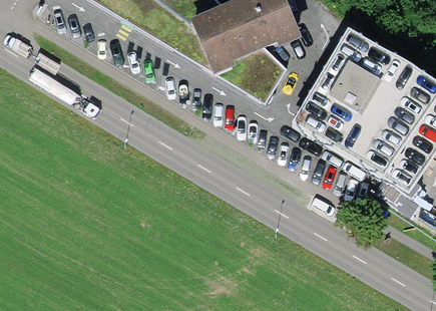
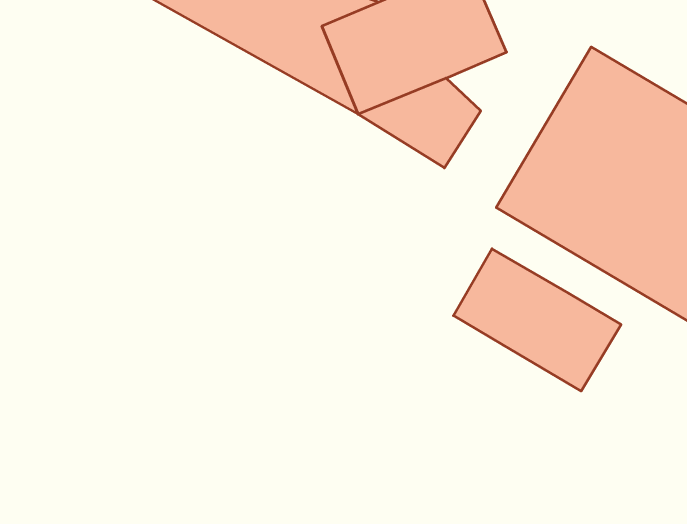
building: none -> [453,249,621,391]

